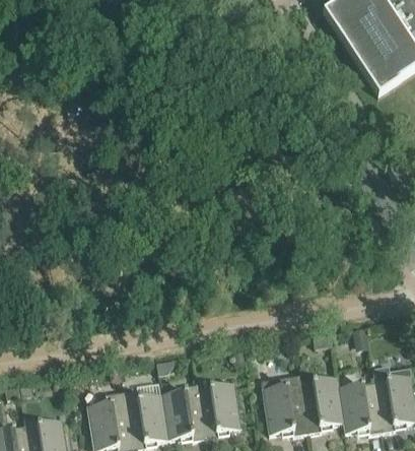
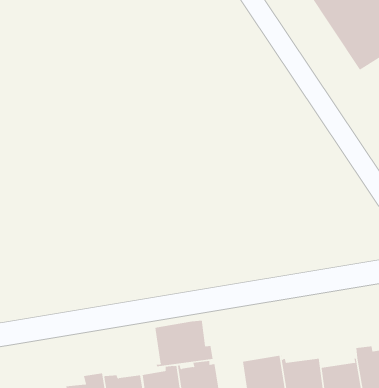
building: none -> [144,320,213,367]

